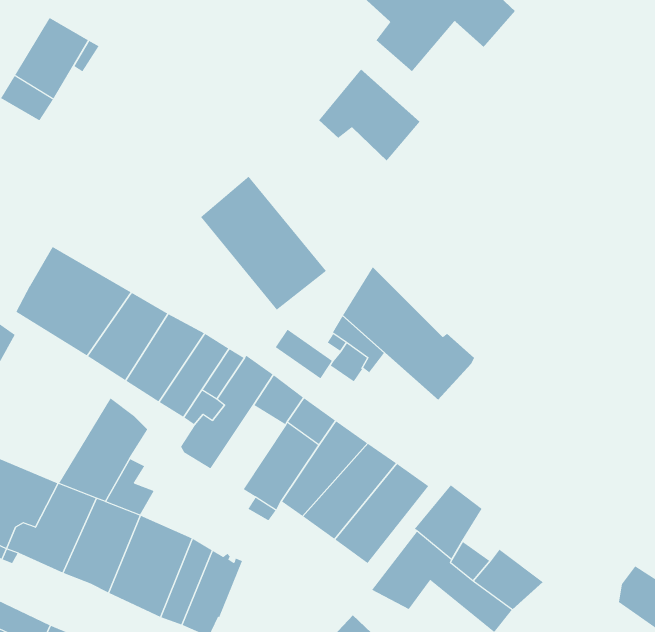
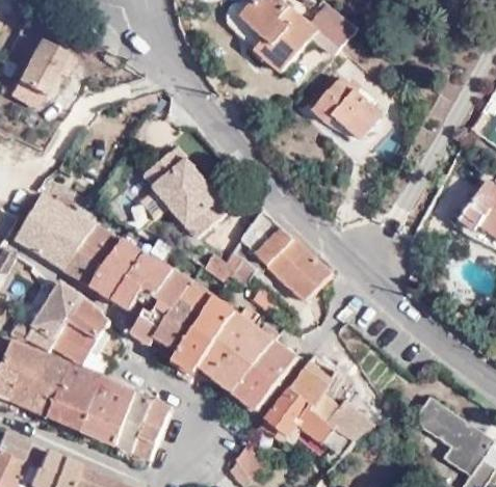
building: [318,68,420,162] -> [315,81,385,144]
building: none -> [14,285,79,348]
building: none -> [148,300,199,357]

